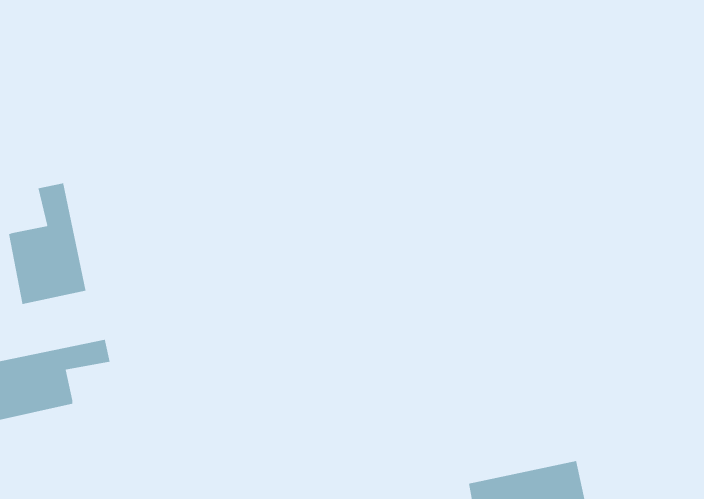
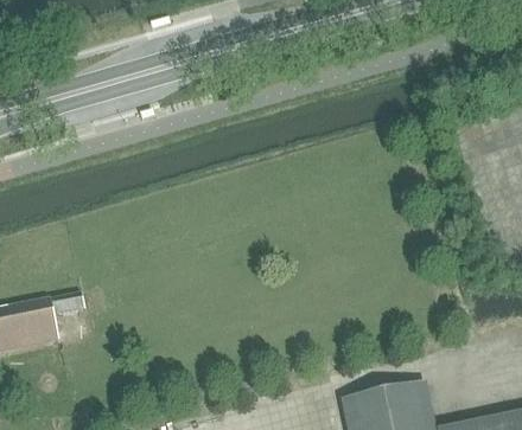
building: [8,182,86,305] -> none

